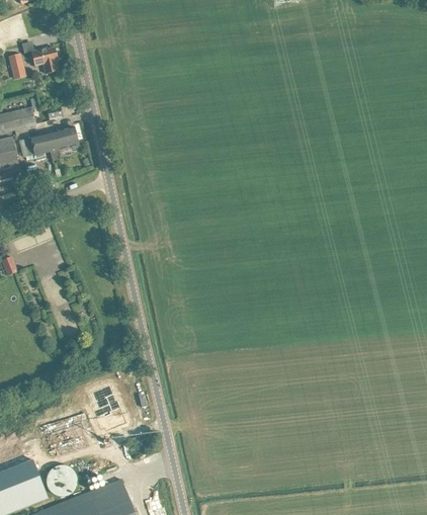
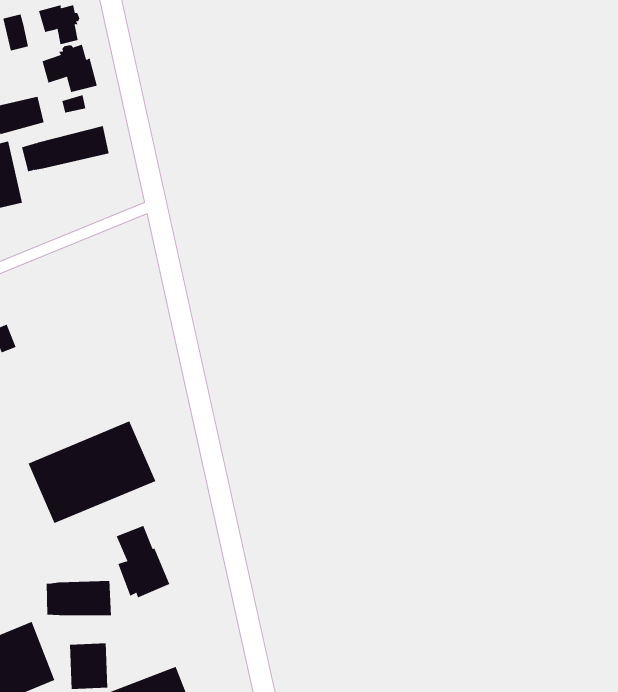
building: none -> [42,44,98,93]
building: none -> [28,421,156,524]
building: none -> [46,580,111,616]

